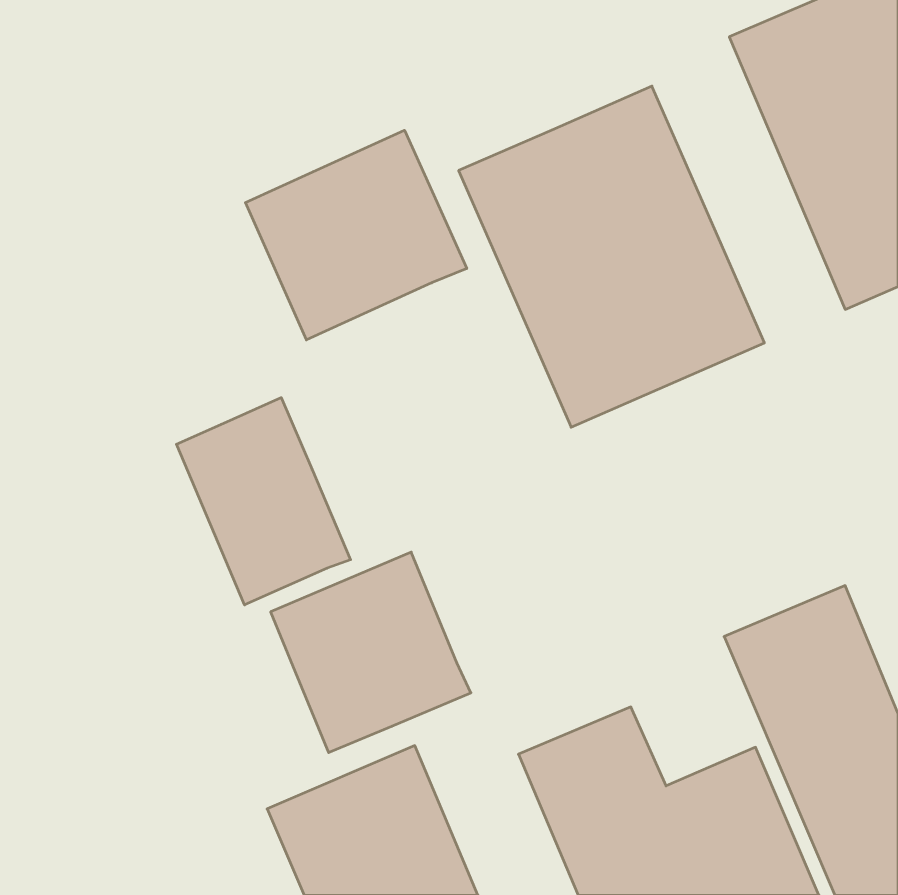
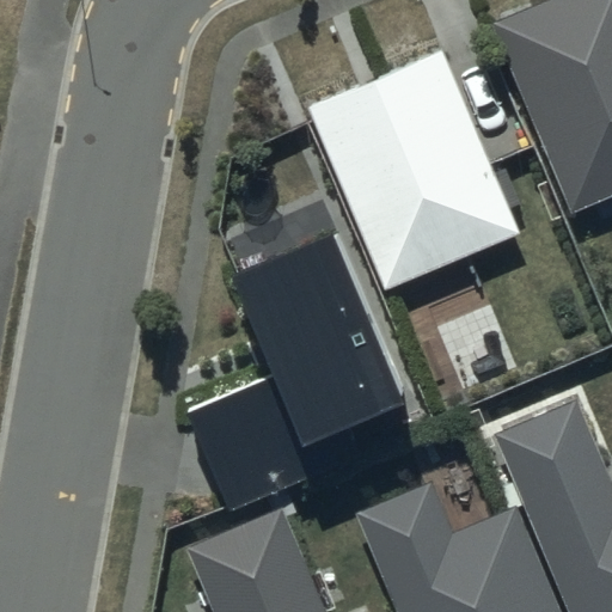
building: [245,130,467,340] -> none
building: none -> [238,239,408,451]
building: [176,398,351,605] -> none

